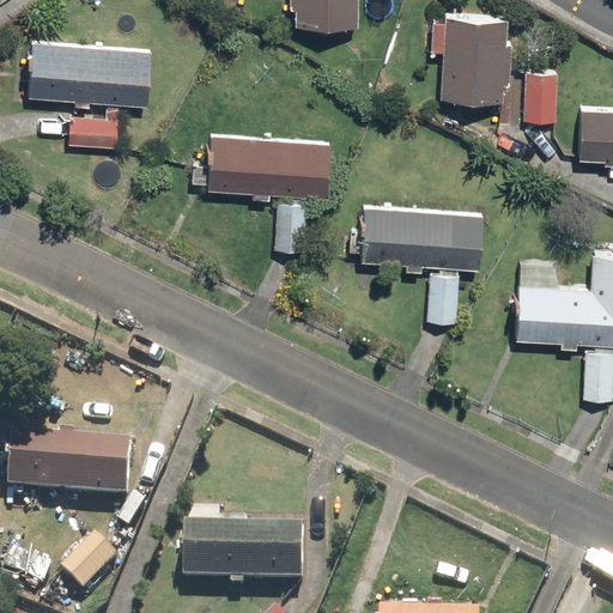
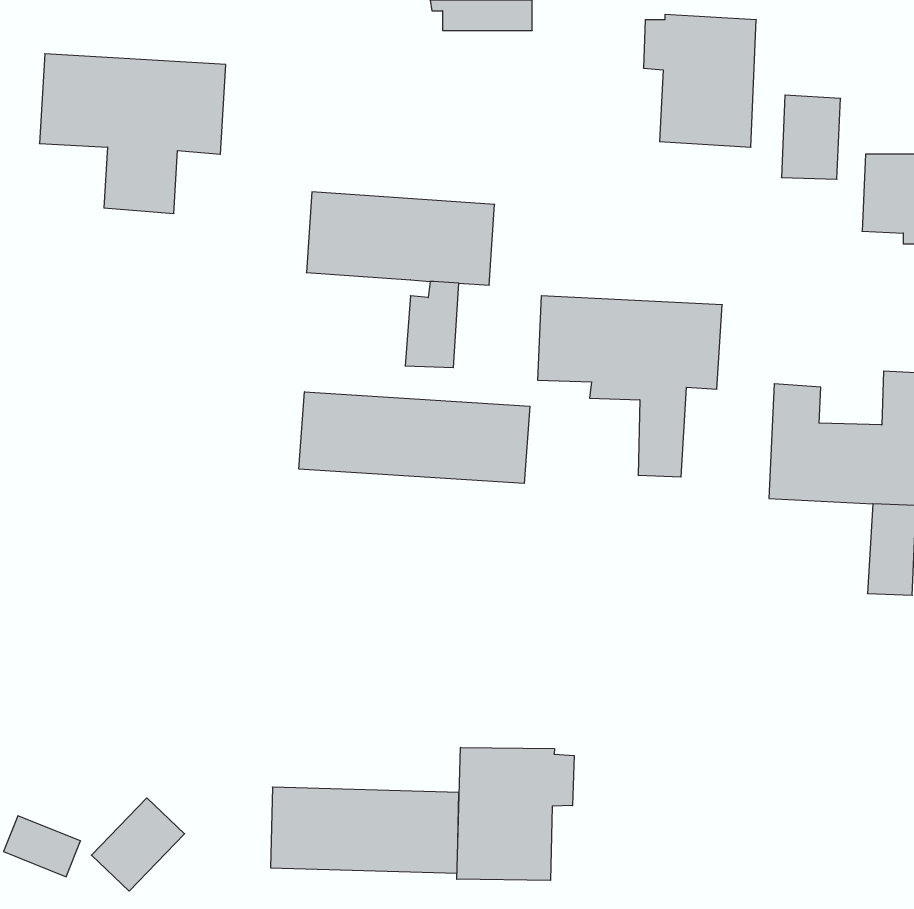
building: none -> [299,392,530,483]
building: [7,436,131,500] -> none
building: none -> [457,747,574,880]

